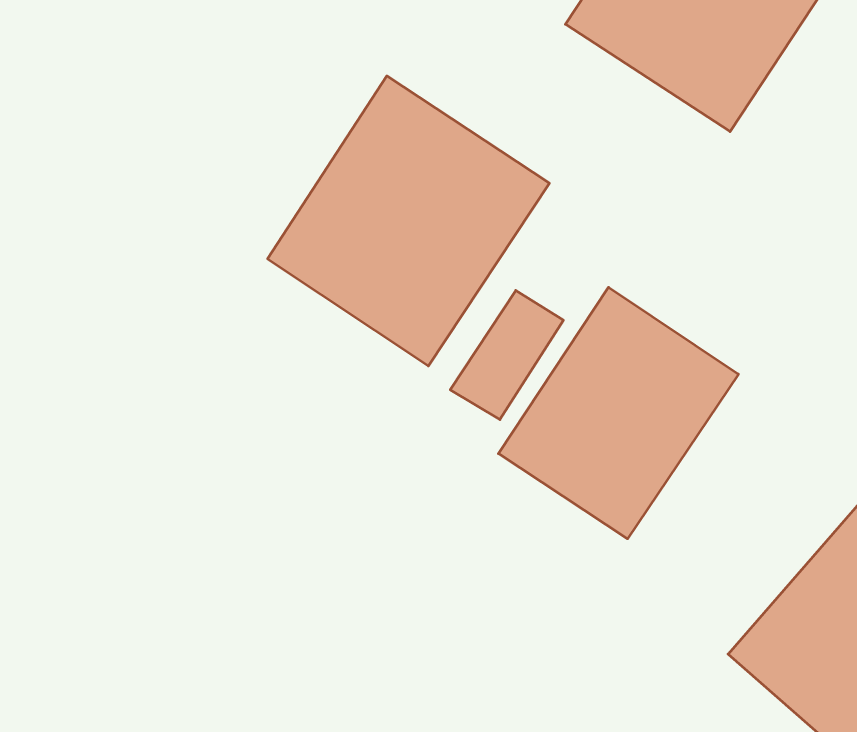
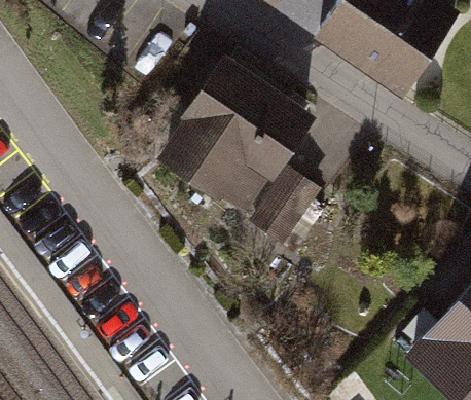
building: [498,287,738,539] -> none

